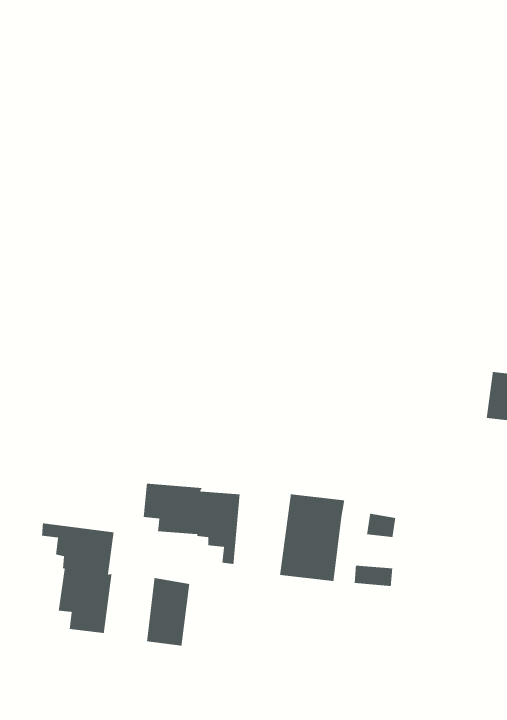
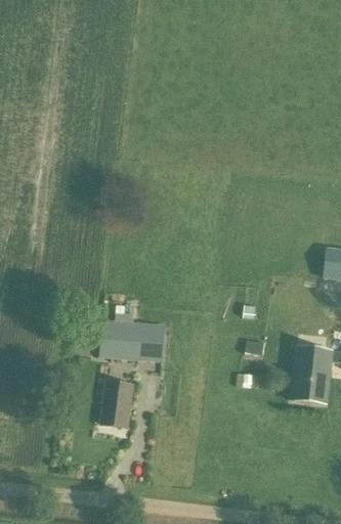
building: [279,494,345,582] -> [290,346,333,403]
building: [41,523,115,634] -> none

